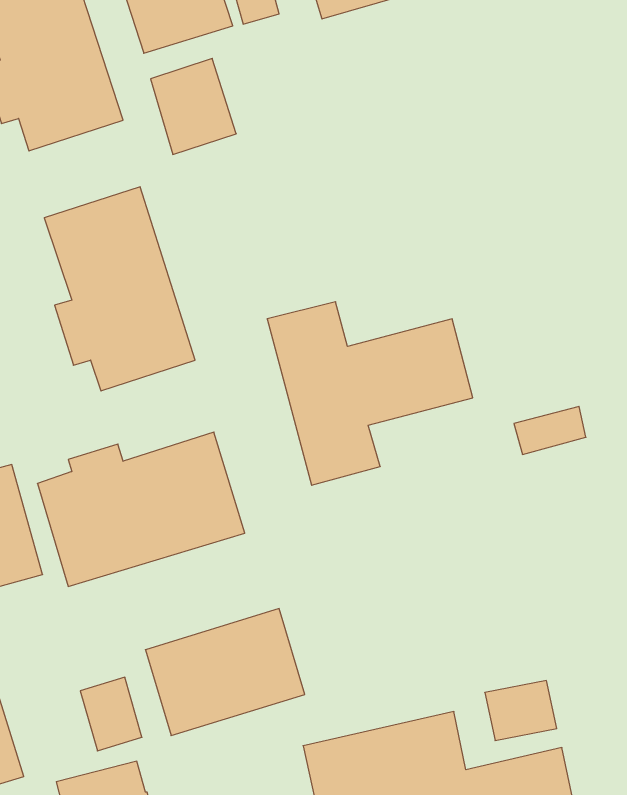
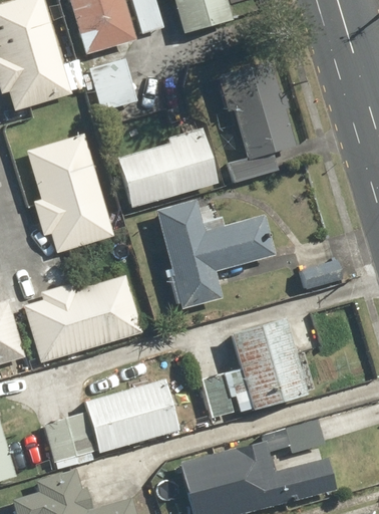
building: none -> [222,62,297,185]
building: none -> [116,131,218,205]
building: none -> [203,314,319,419]

